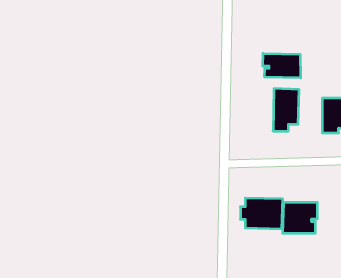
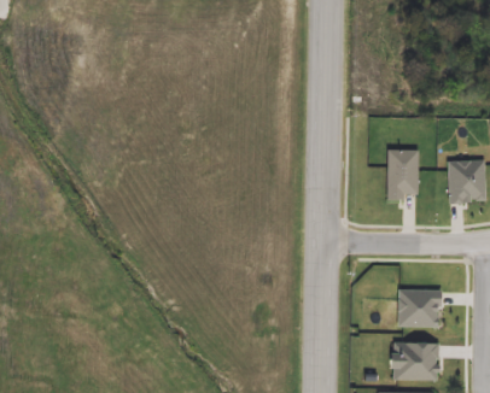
building: [263,53,301,78] -> none
building: [240,198,283,229] -> [385,341,438,380]

